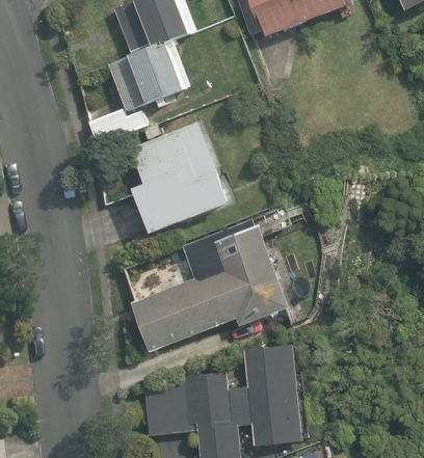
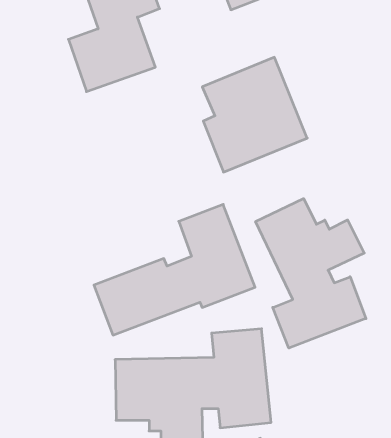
building: [129,118,232,231] -> [202,57,307,172]
building: none -> [256,199,366,348]

